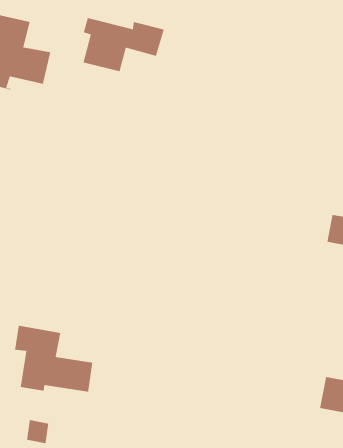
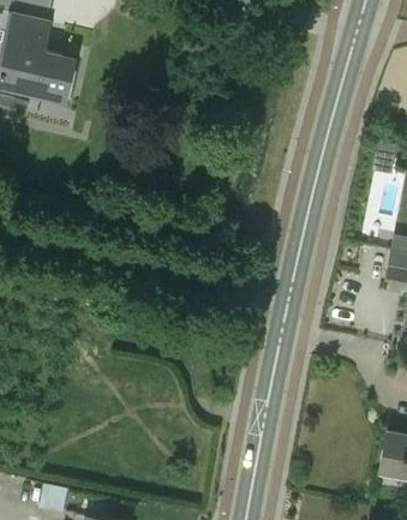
building: [83,17,165,72] -> none
building: [14,325,93,393] -> none

